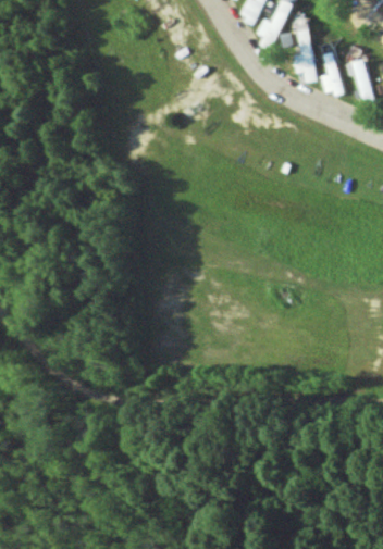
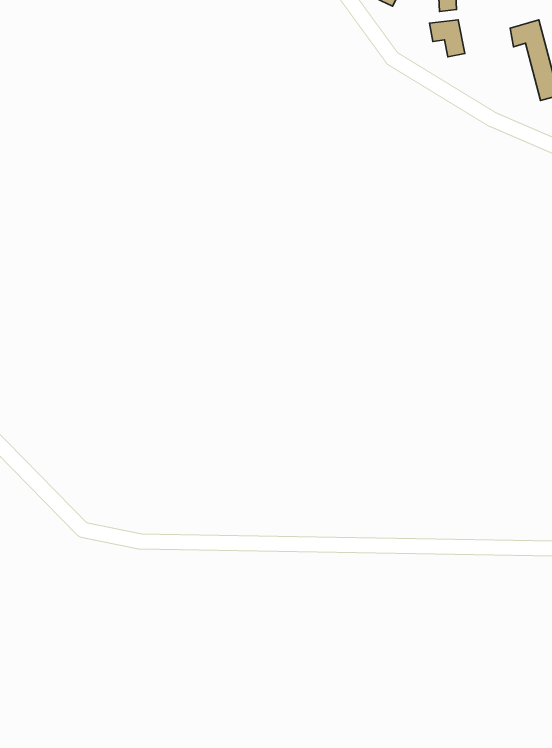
building: [320,50,341,93] -> none

